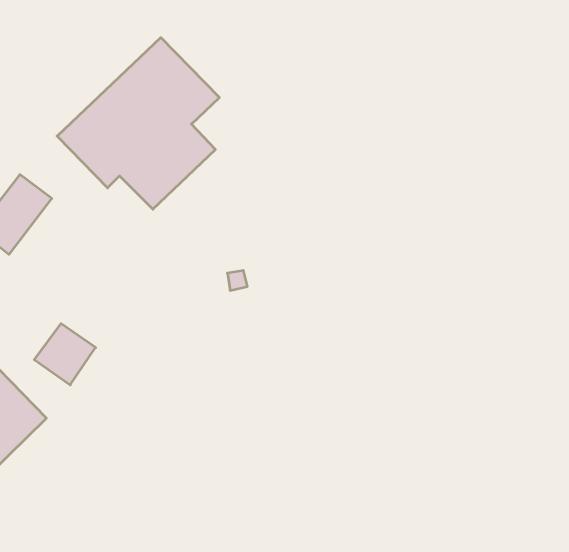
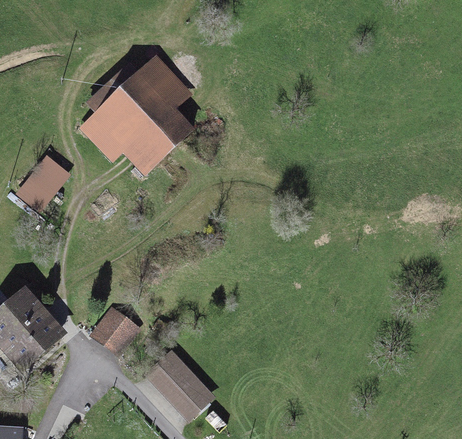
building: [34,324,96,385] -> [91,310,137,356]
building: none -> [143,346,217,421]

